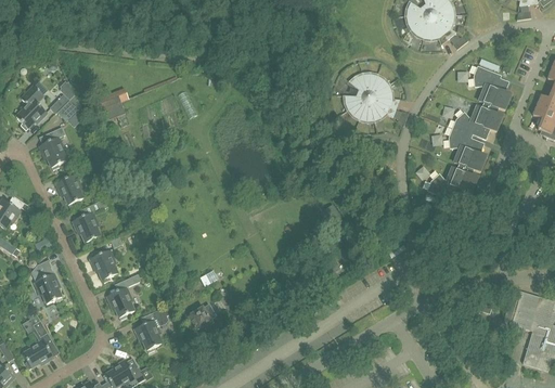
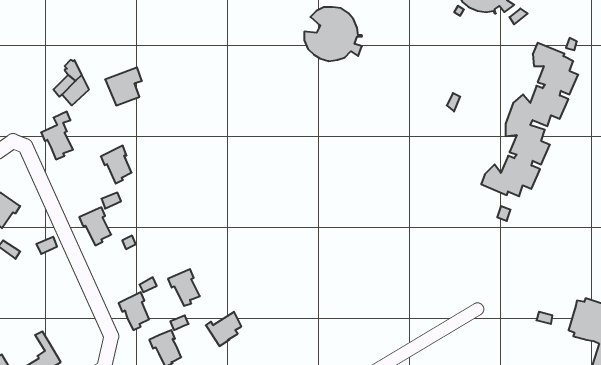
building: [345,73,396,120] -> [304,7,362,61]
building: [16,83,47,129] -> none
building: [56,172,83,206] -> [101,146,132,184]
building: [90,248,118,281] -> [168,269,200,306]
building: [31,263,63,302] -> none

